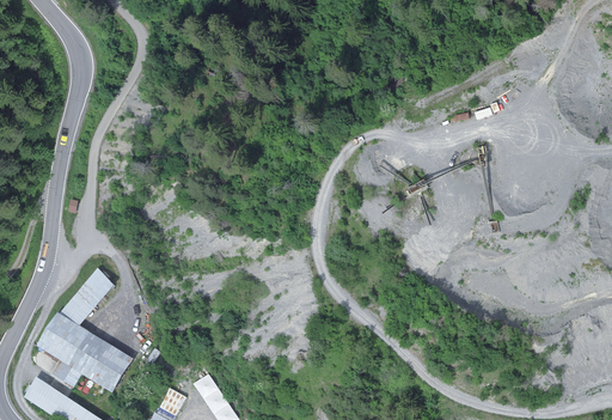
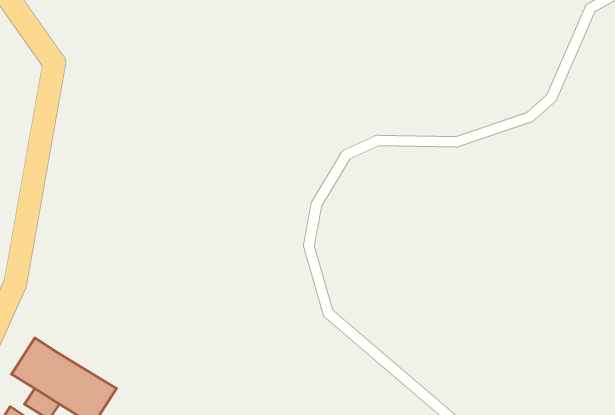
building: [59,268,115,325] -> none

